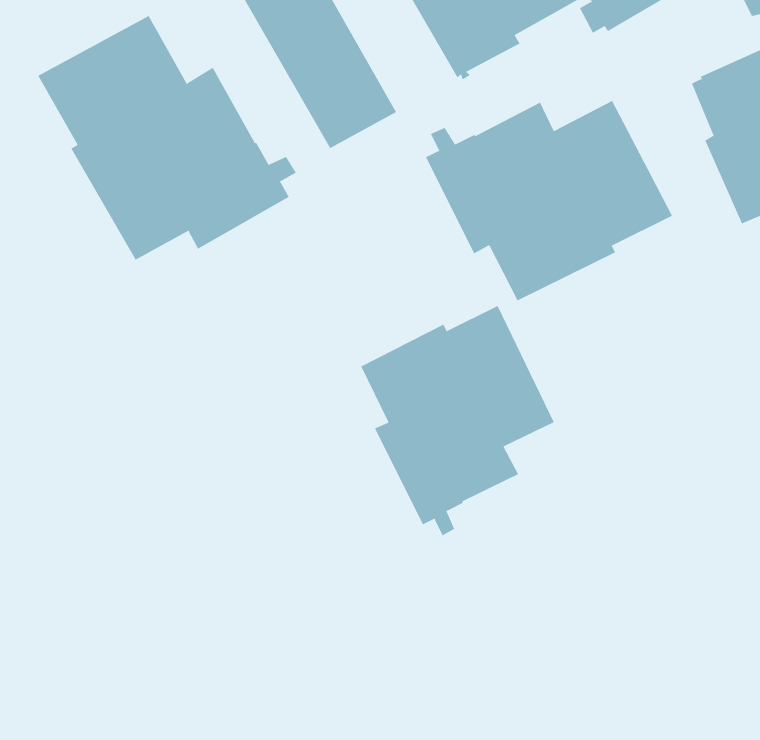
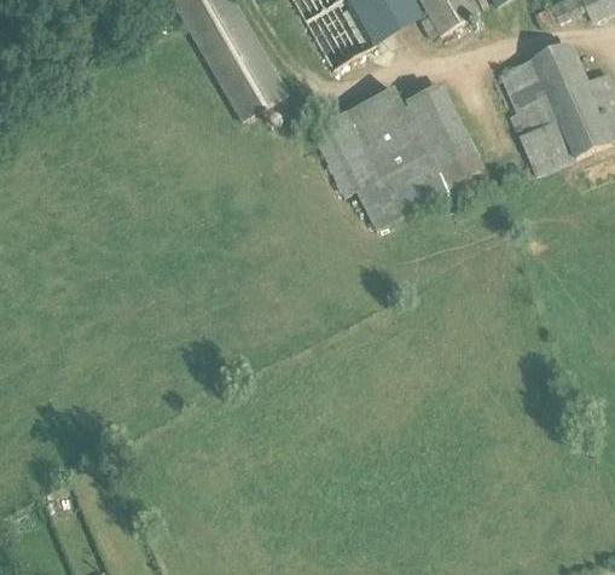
building: [37,15,297,261] -> none
building: [360,305,554,536] -> none

